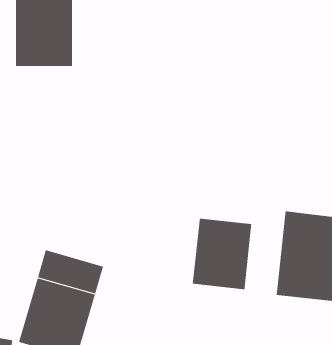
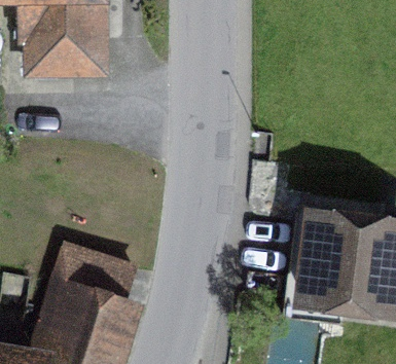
building: [192,218,252,290] -> none

